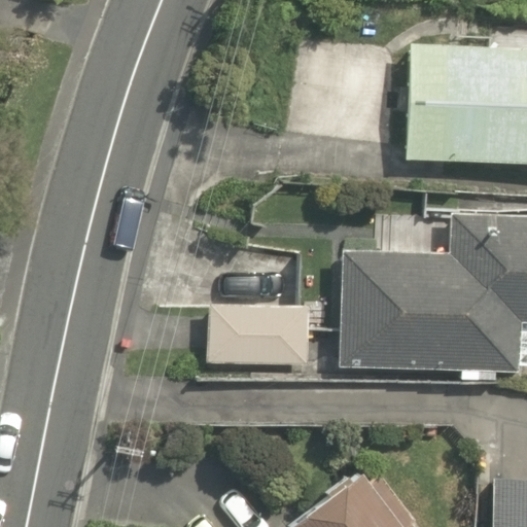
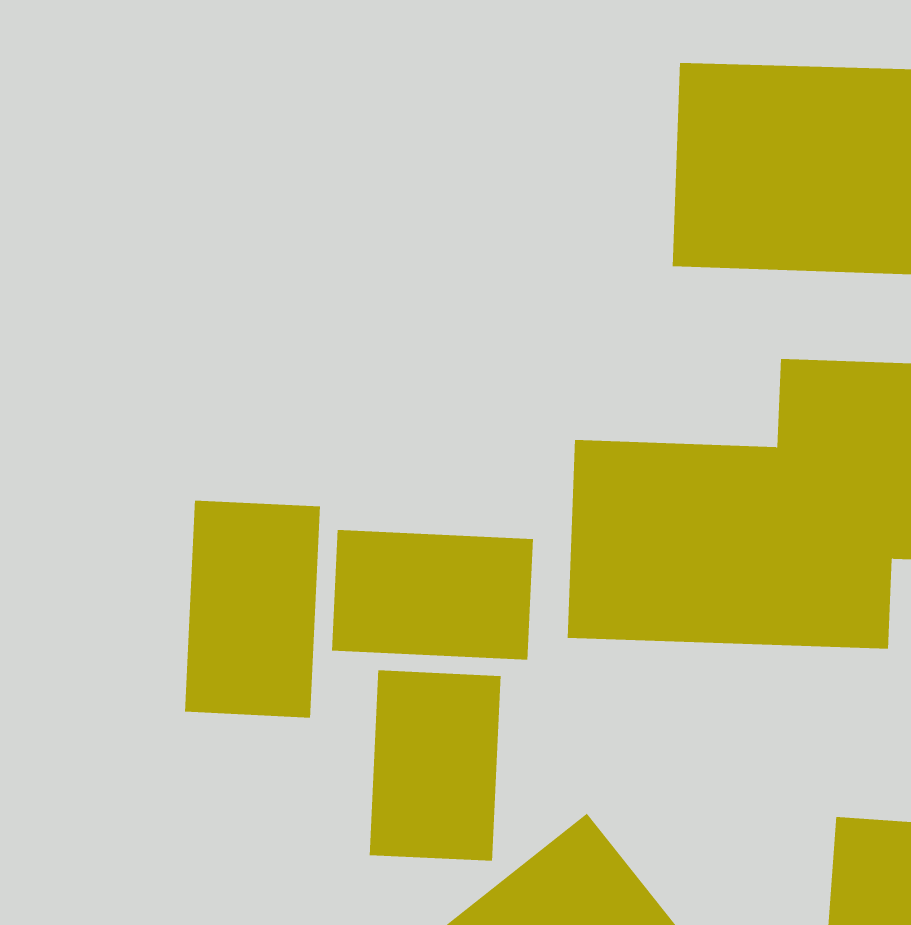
building: none -> [184,500,320,718]
building: none -> [369,669,501,862]

